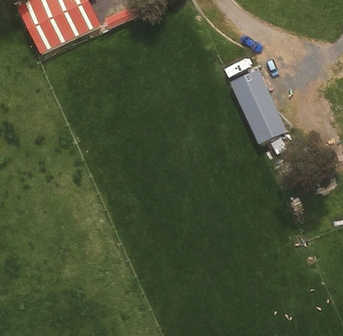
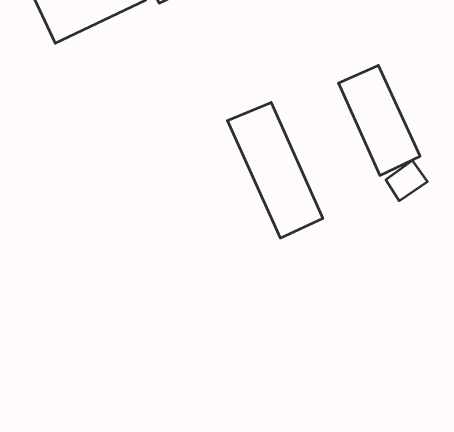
building: none -> [227,102,323,238]

